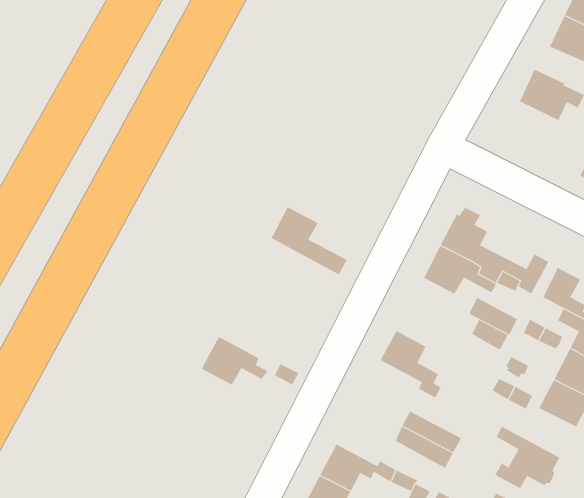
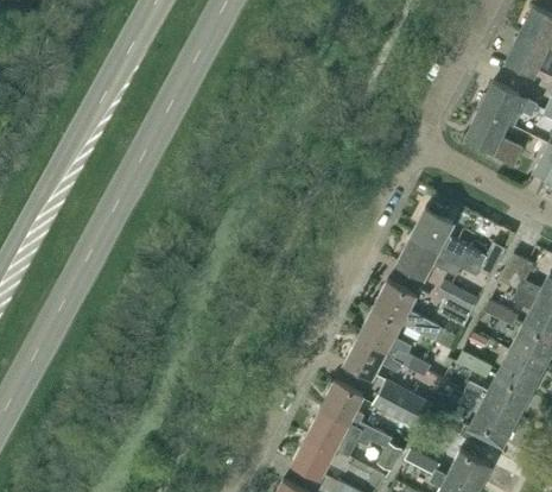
building: none -> [467,111,524,166]
building: [271,207,347,275] -> [374,282,440,341]
building: [201,336,299,385] -> [344,335,430,378]
building: none -> [465,377,531,420]
building: none -> [322,381,364,427]

